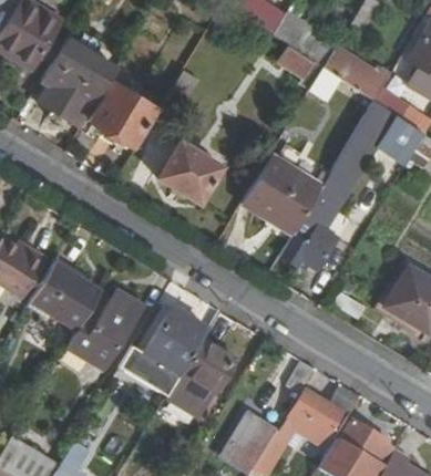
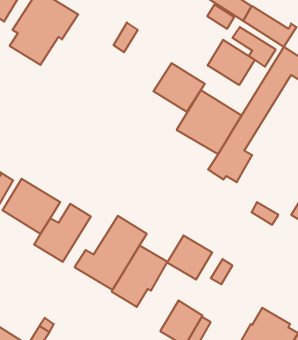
building: [91,83,154,146] -> none
building: none -> [208,40,255,85]
building: [157,141,220,200] -> [153,63,205,112]
building: [284,391,339,445] -> [167,235,212,280]

